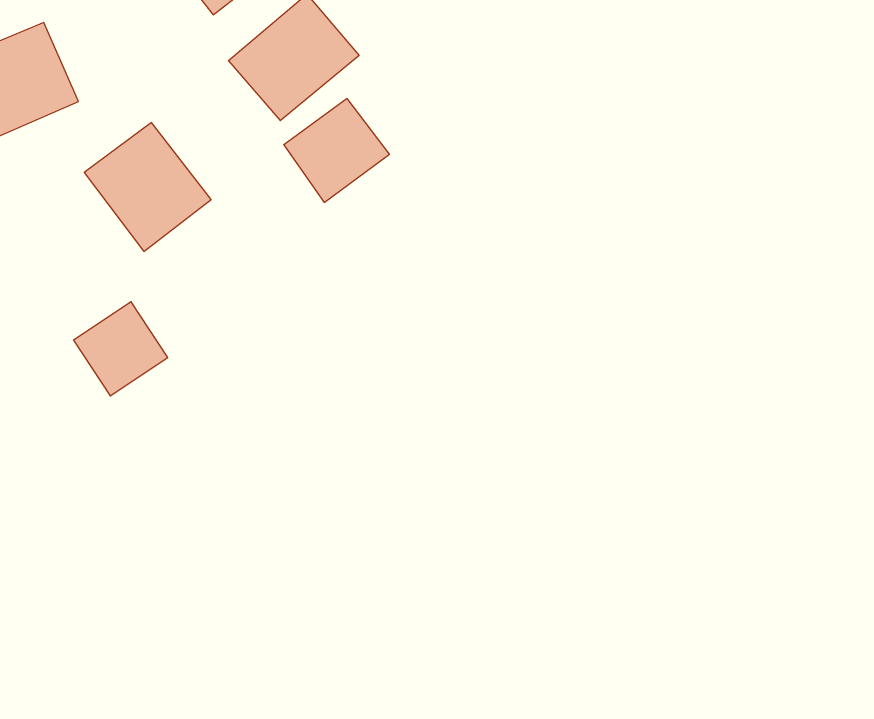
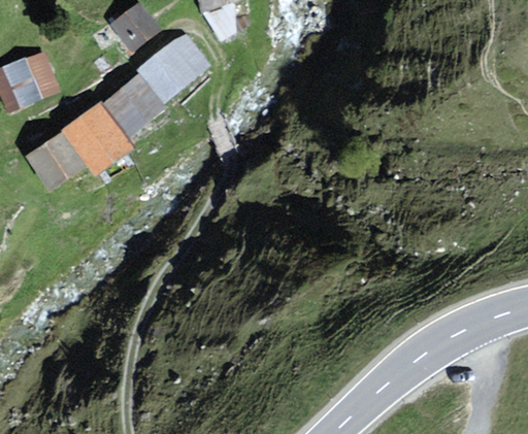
building: [284,99,389,202] -> [104,79,161,135]
building: [74,302,168,396] -> [28,137,78,188]

